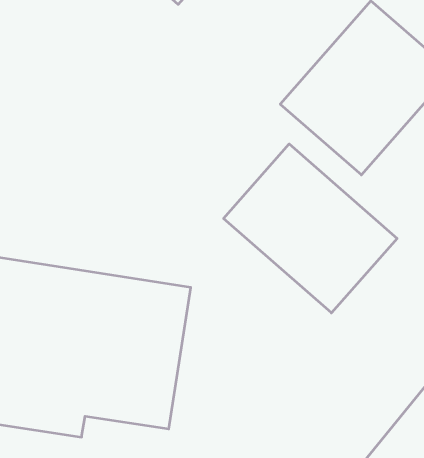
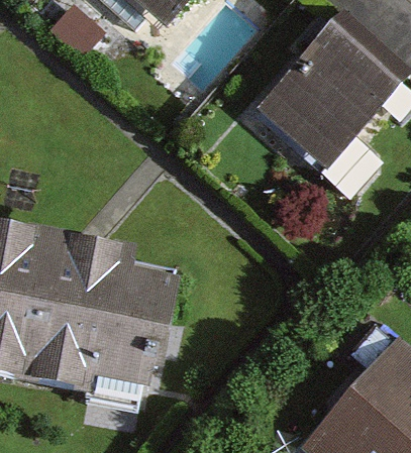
building: [224,144,397,313] -> none

